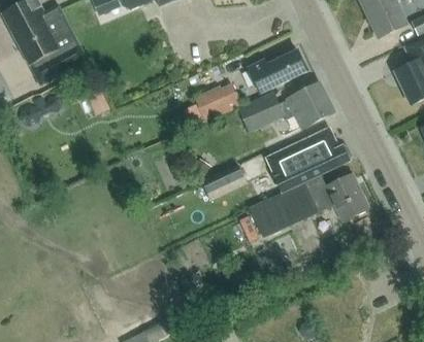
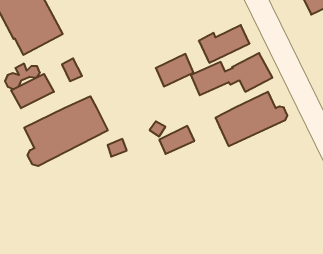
building: none -> [11,74,54,108]
building: none -> [24,96,108,166]
building: [251,173,369,238] -> none

